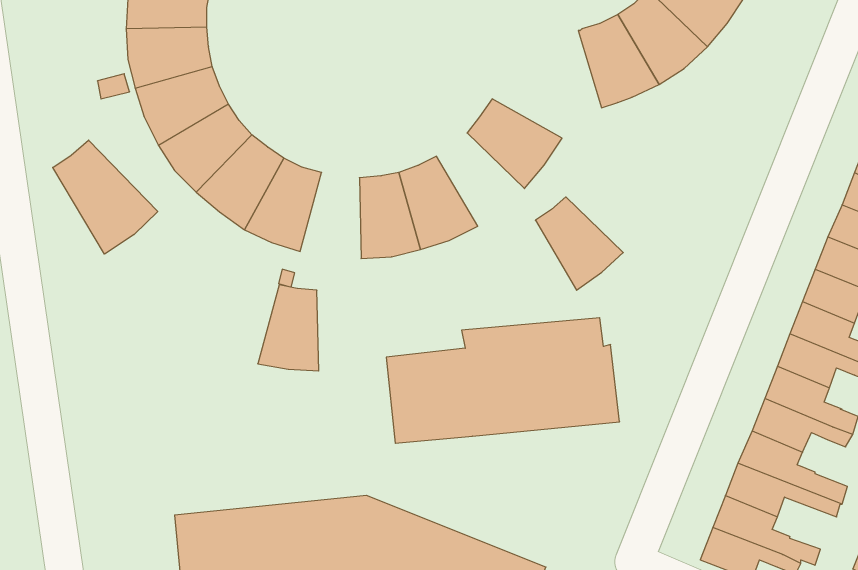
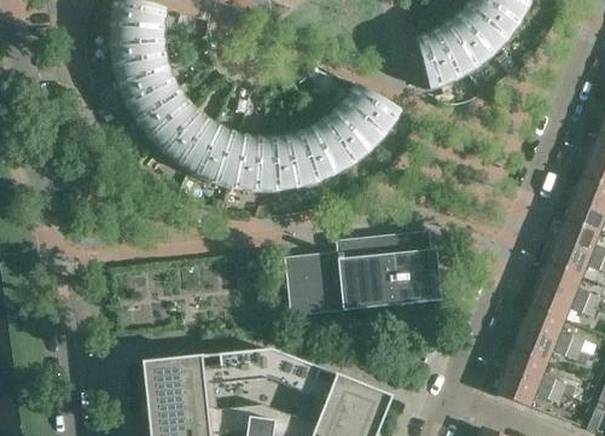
building: [53,140,158,254] -> none
building: [535,197,623,290] -> [319,106,378,169]
building: [258,285,319,371] -> [227,133,268,191]

